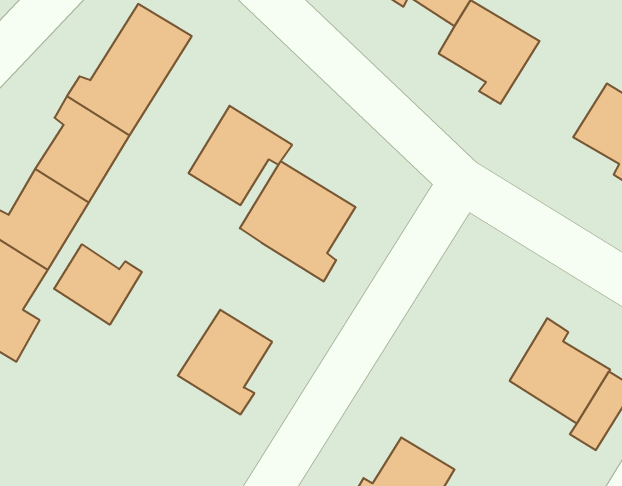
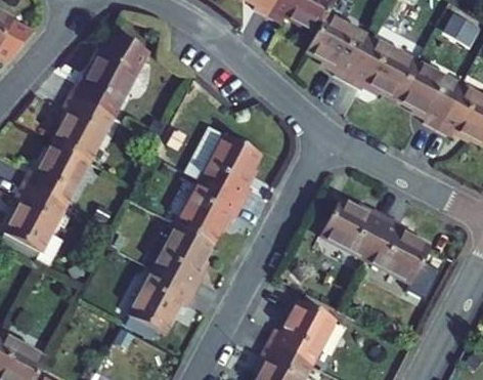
building: none -> [349,38,416,98]
building: [188,106,292,205] -> [177,179,243,243]
building: [54,244,142,325] -> none
building: none -> [320,199,388,258]
building: none -> [128,268,194,333]

